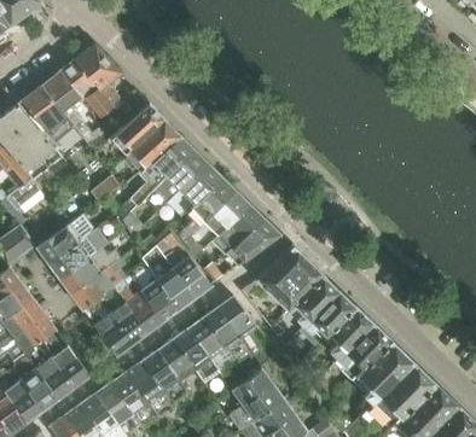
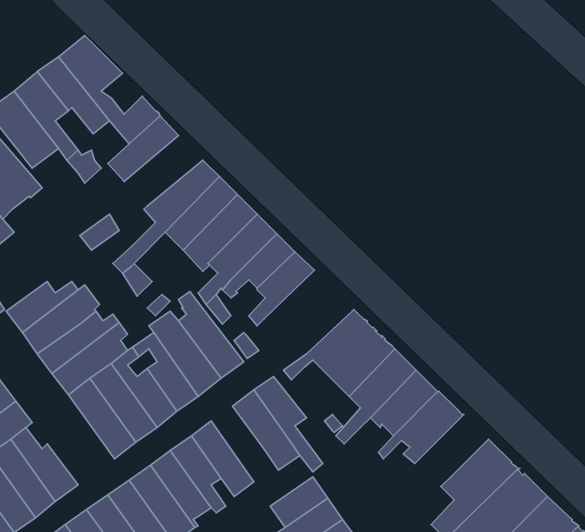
building: [123,118,181,170] -> none
building: [226,217,280,266] -> none
building: [187,317,231,378] -> none
building: [333,324,391,372] -> none

